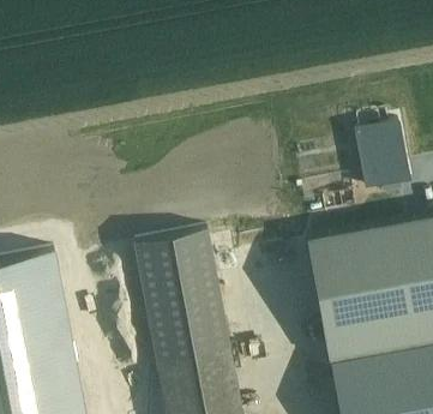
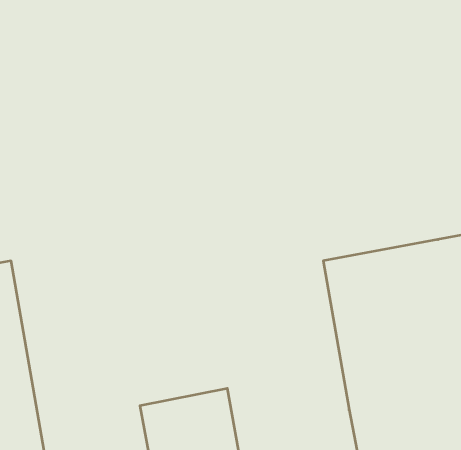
building: [354,121,409,188] -> none
building: [133,226,228,360] -> none

